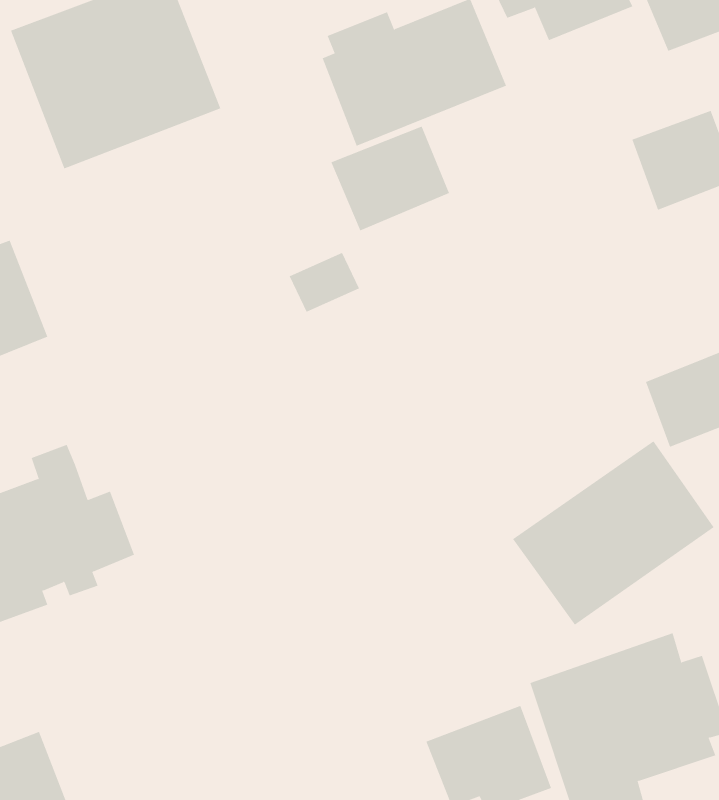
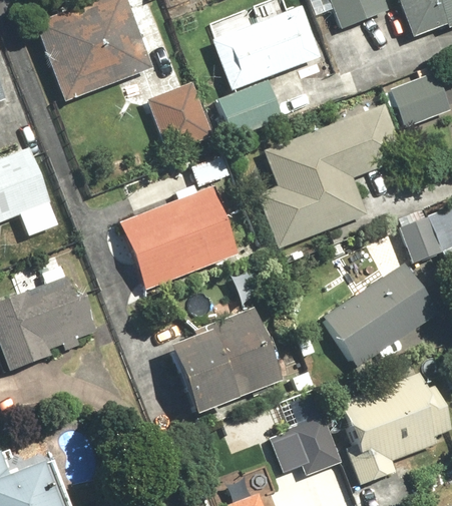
building: none -> [146,82,213,152]
building: none -> [257,104,405,248]
building: none -> [119,187,237,289]
building: none -> [160,309,280,416]

